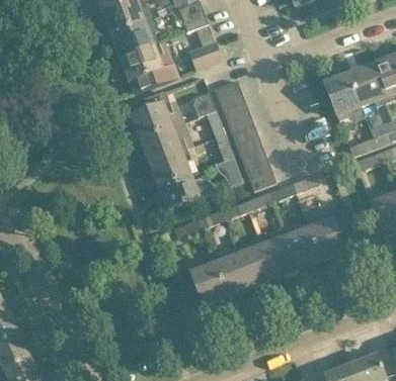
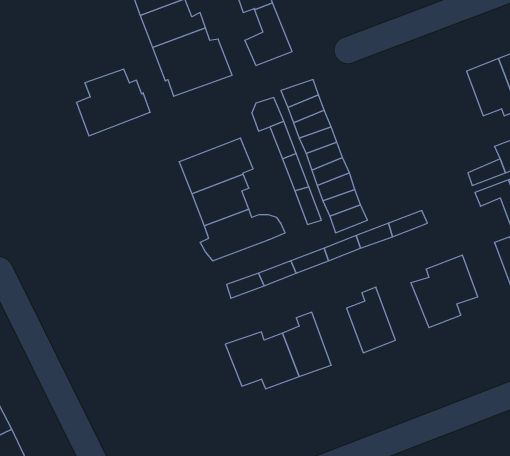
building: [324,74,361,120] -> none
building: [131,91,184,139] -> [76,69,150,136]
building: [283,226,321,269] -> none
building: [236,245,273,287] -> none

